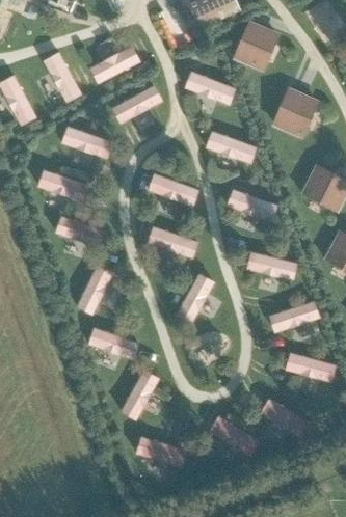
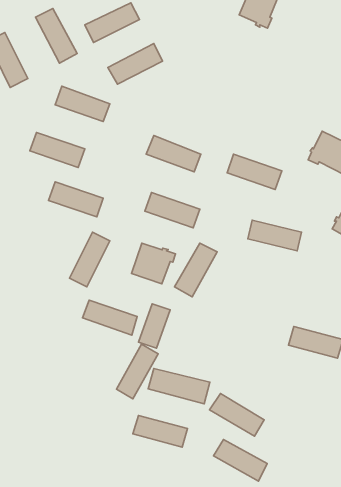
building: [183,70,235,105] -> none
building: [274,89,315,136] -> none
building: [203,131,255,164] -> none
building: none -> [131,243,176,284]
building: [266,300,318,332] -> none
building: none -> [139,304,170,348]
building: none -> [148,369,210,404]
building: [260,398,311,437] -> [213,440,267,481]

